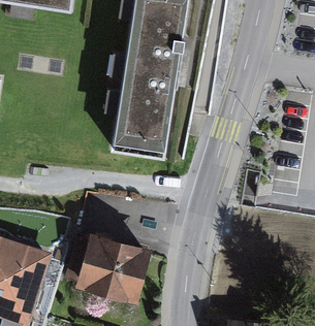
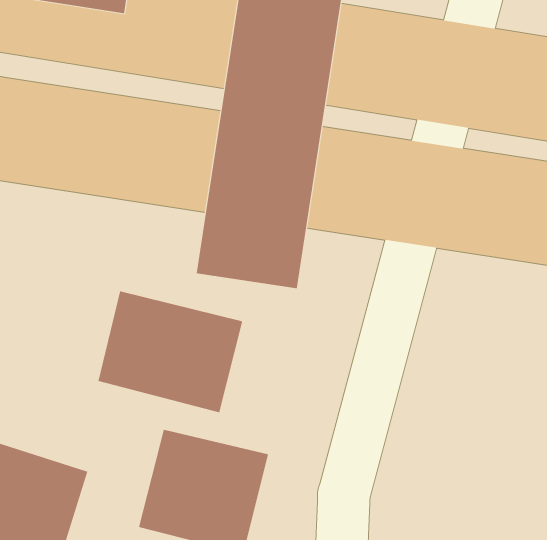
building: none -> [98,291,243,413]

